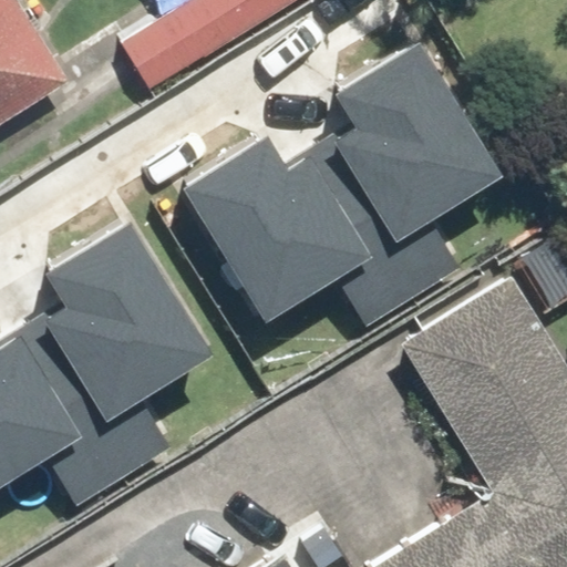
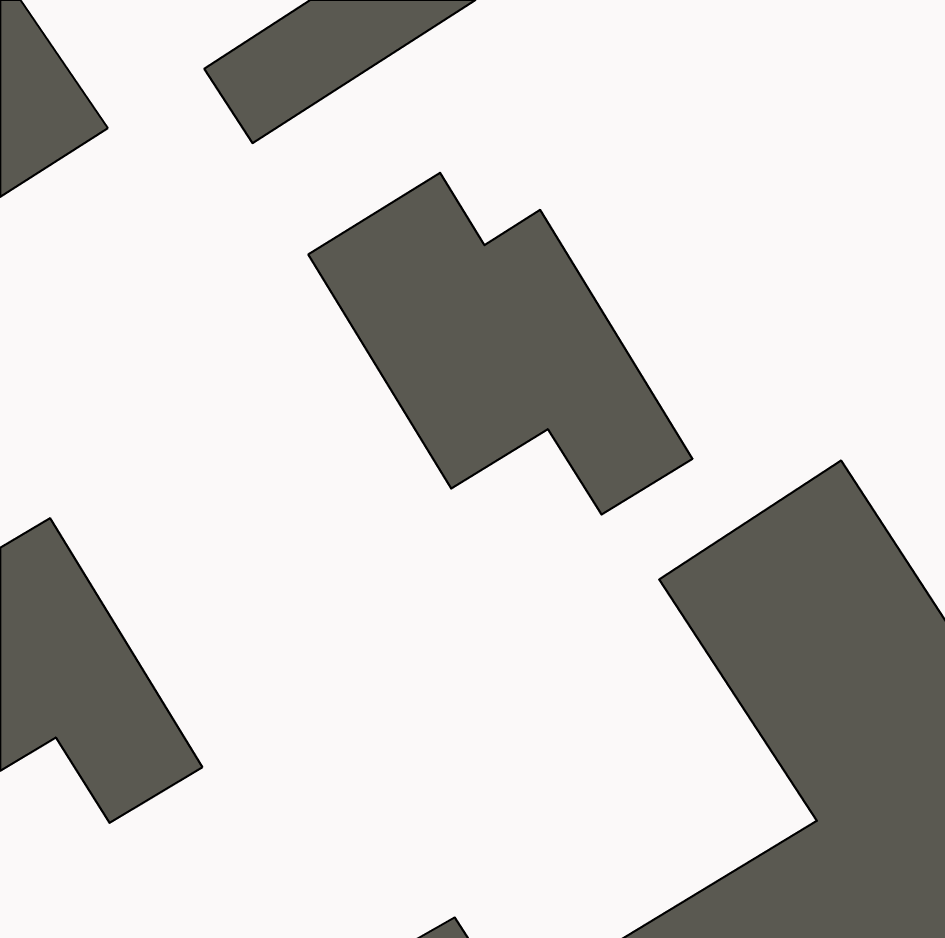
building: [324,23,495,280] -> none
building: [32,207,200,464] -> none

